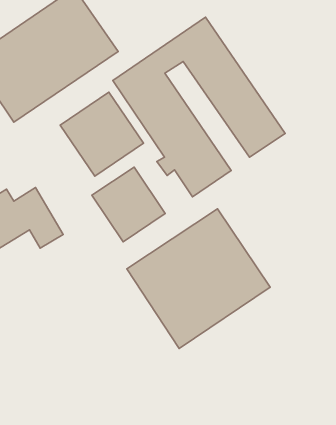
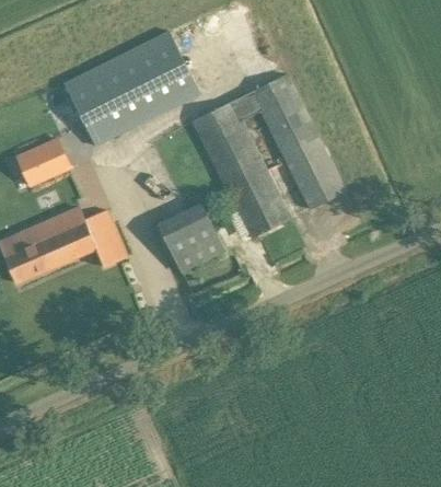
building: [60,92,143,176] -> none
building: [127,209,270,348] -> none

